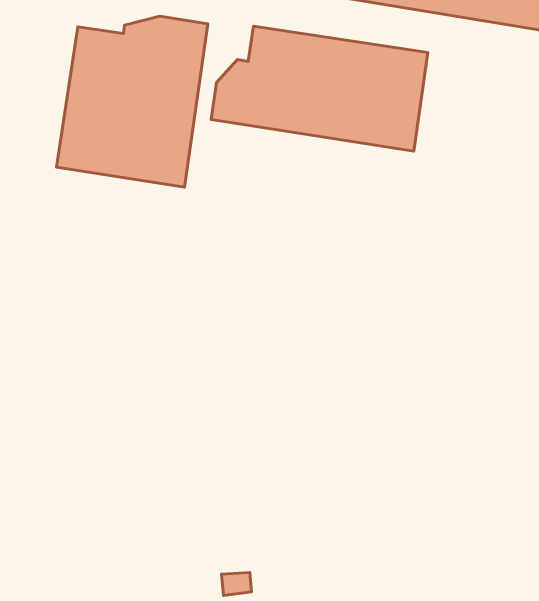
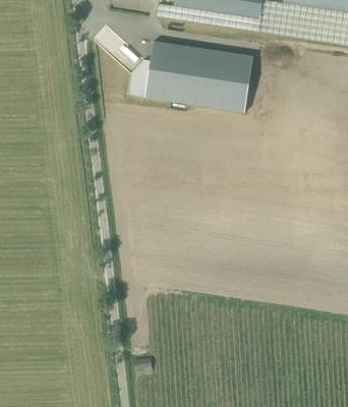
building: [57,16,208,187] -> none

